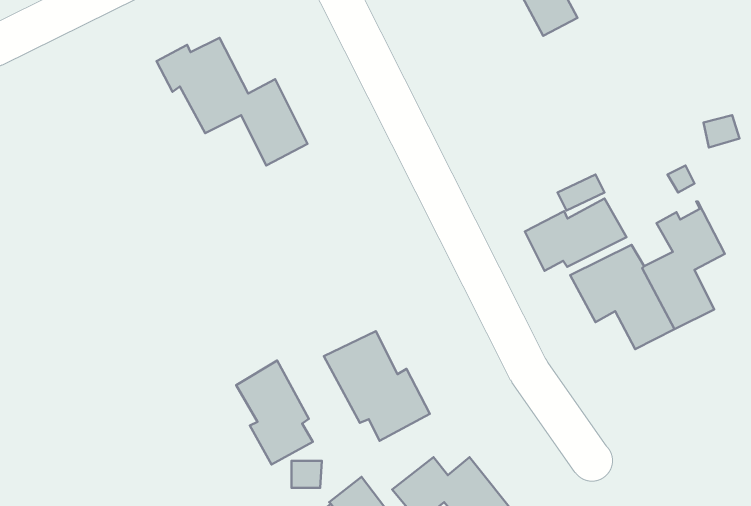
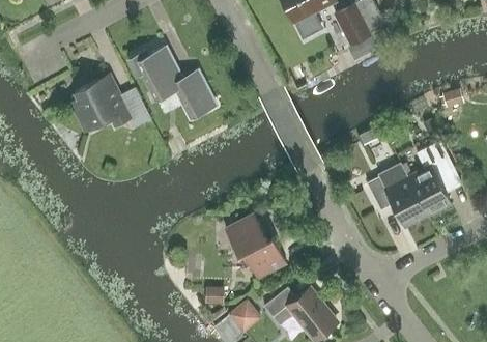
building: none -> [75,74,151,130]
building: [525,199,627,271] -> none
building: [236,360,313,465] -> none

